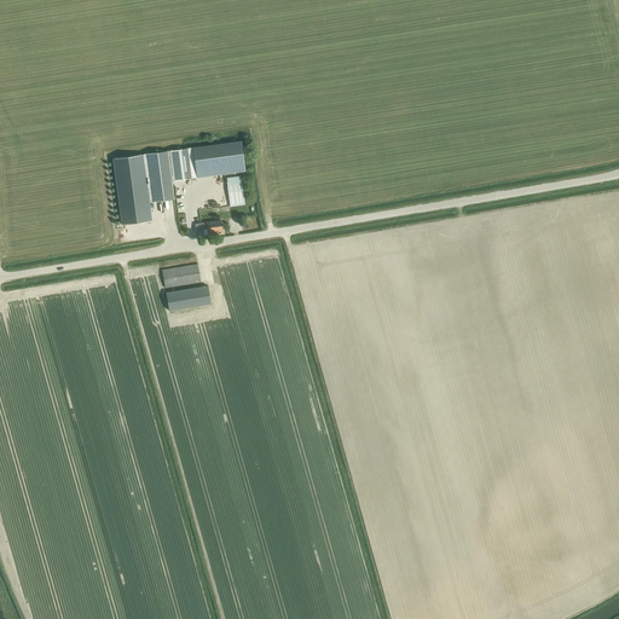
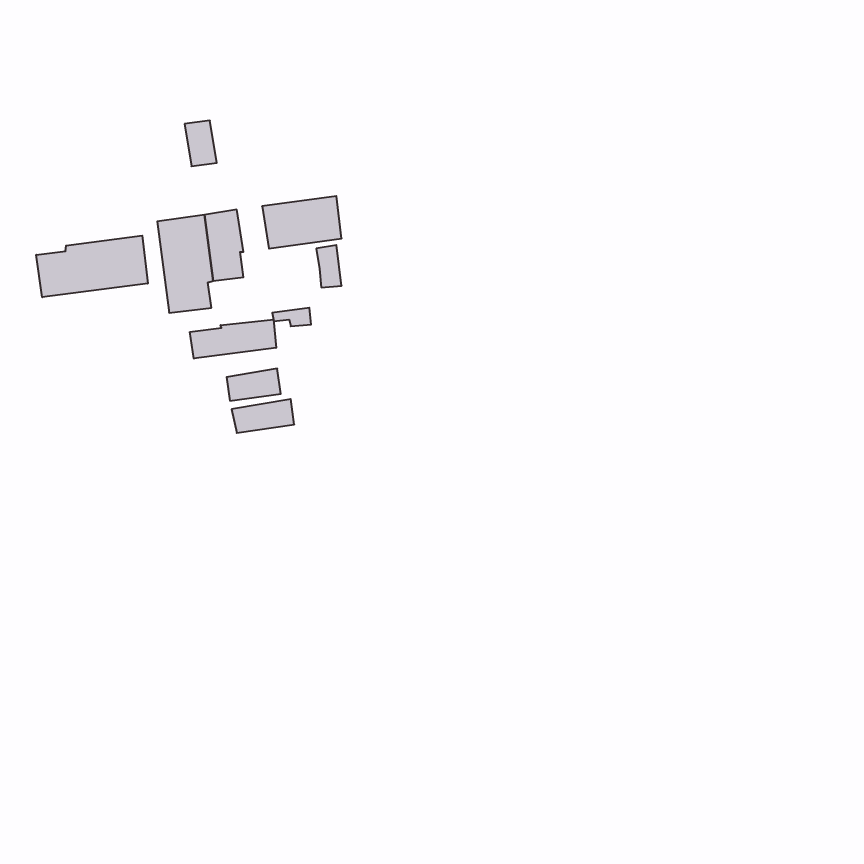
building: [169,147,192,180] -> [185,121,217,166]
building: none -> [36,236,148,297]
building: none -> [190,319,276,359]

